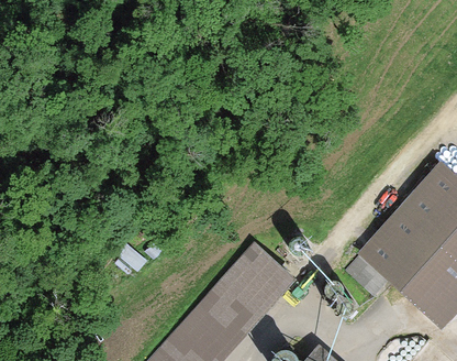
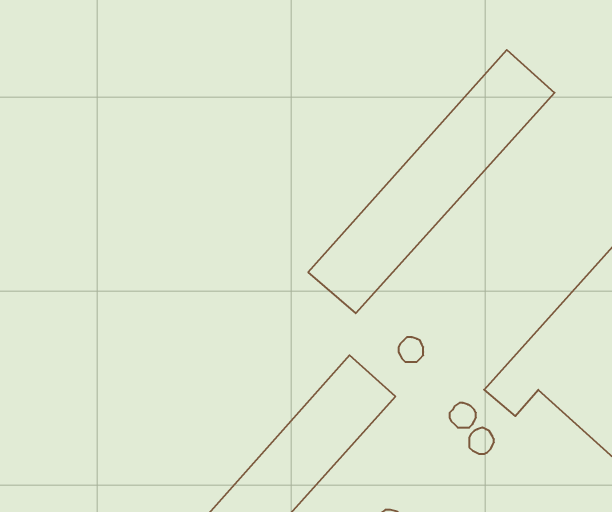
building: none -> [308,50,555,313]

